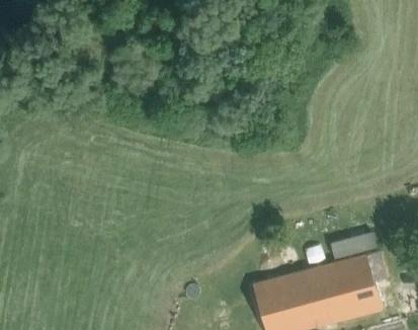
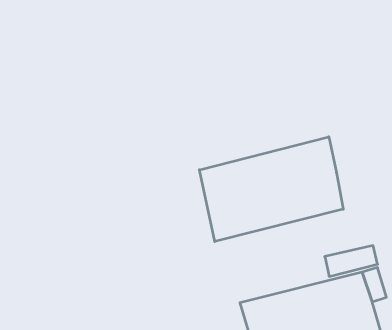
building: none -> [199,137,343,242]

